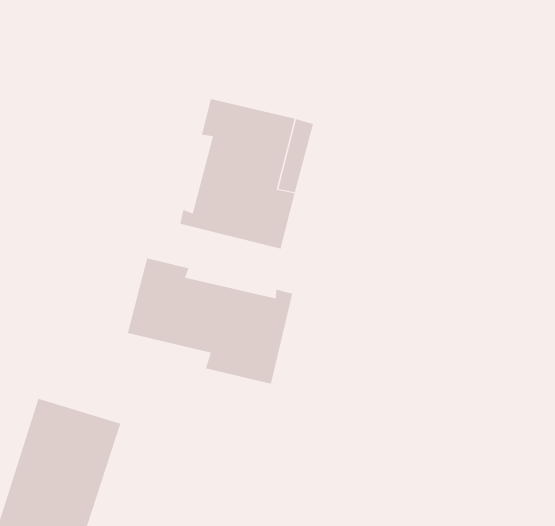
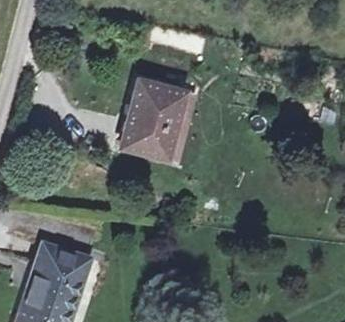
building: [127,257,293,384] -> none

